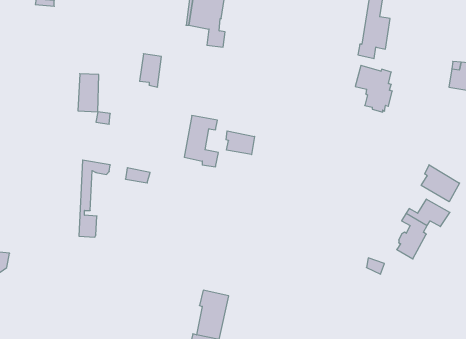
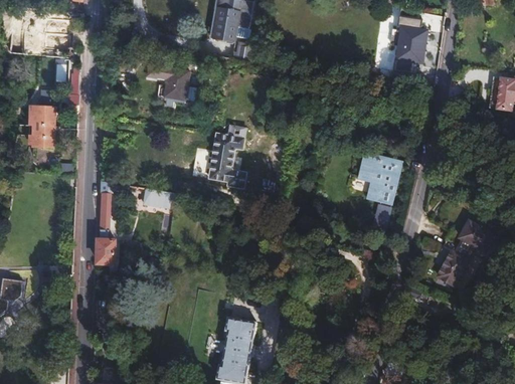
building: [355,65,392,112] -> [359,155,398,204]
building: [78,74,99,112] -> [32,108,54,148]
building: [226,131,255,155] -> none
building: [421,165,460,202] -> none

